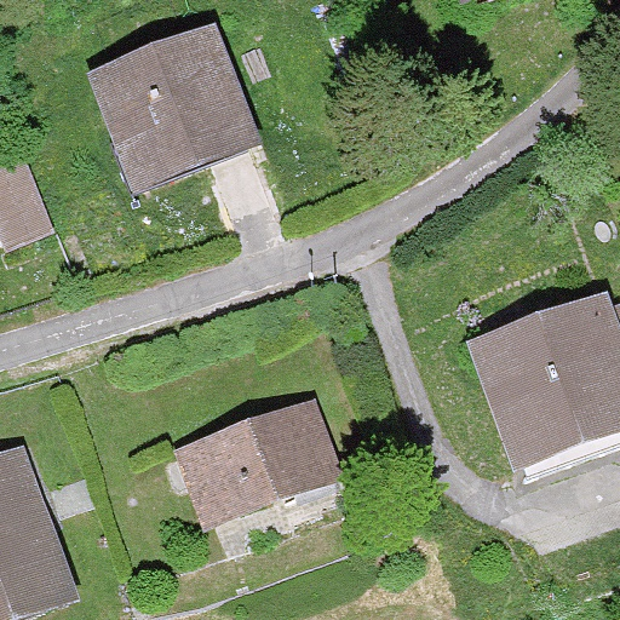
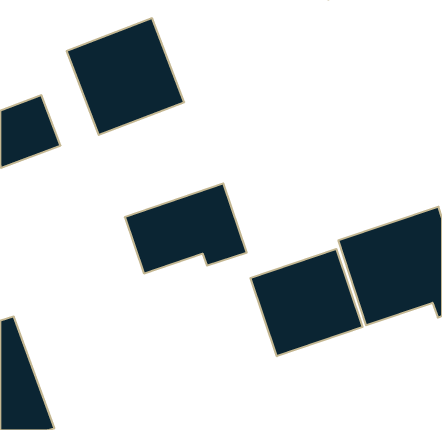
building: none -> [250,249,363,356]
building: [176,398,346,524] -> [125,183,247,273]

